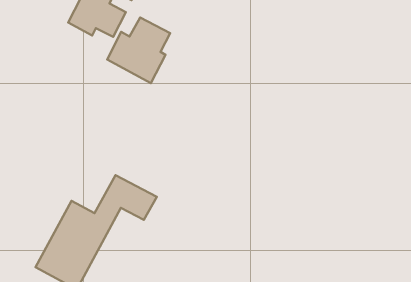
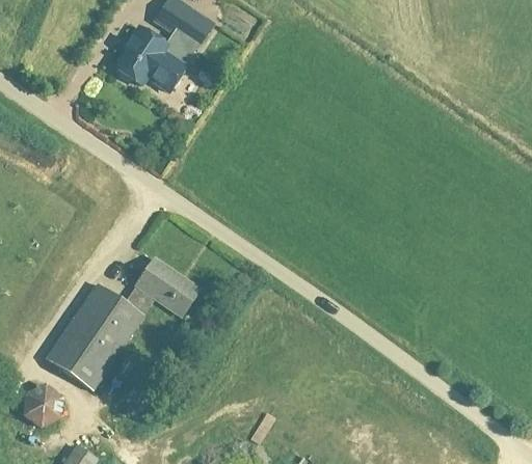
building: [107,17,170,83] -> none

